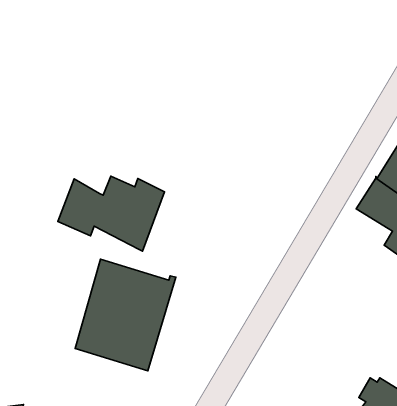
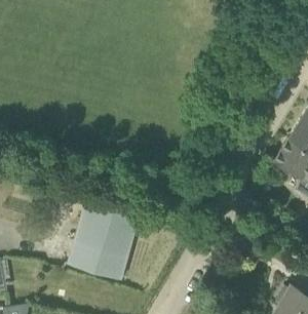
building: [58,176,164,251] -> none

